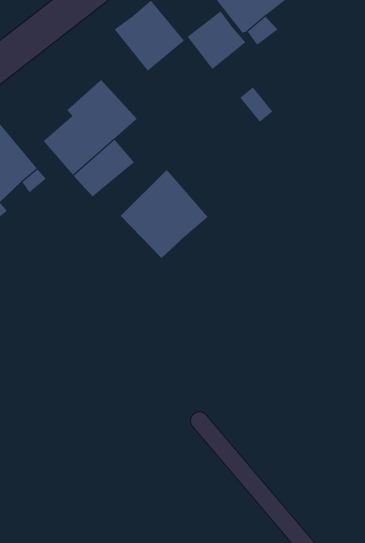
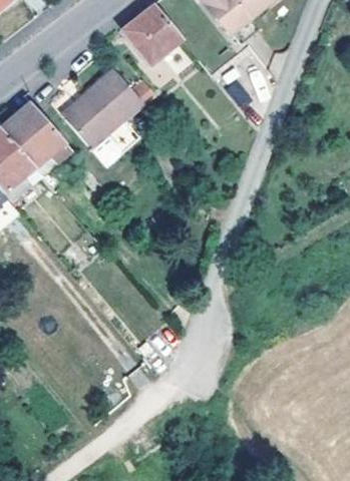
building: [187,10,246,70] -> none
building: [120,169,208,259] -> none

